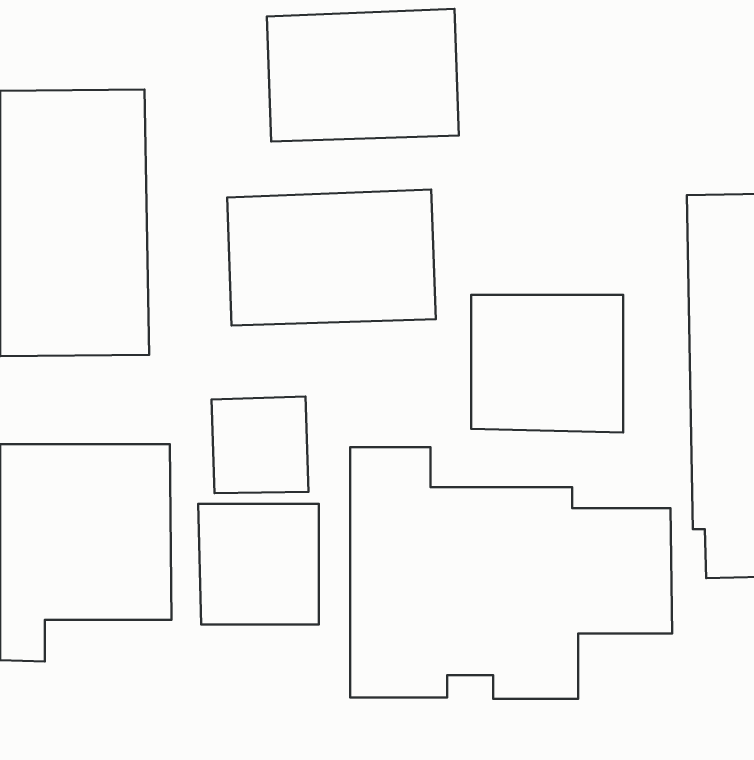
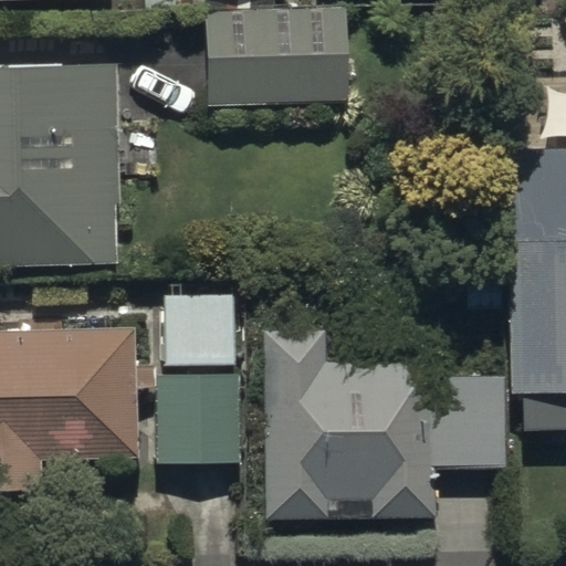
building: [227,190,436,326] -> none
building: [471,295,623,432] -> none

